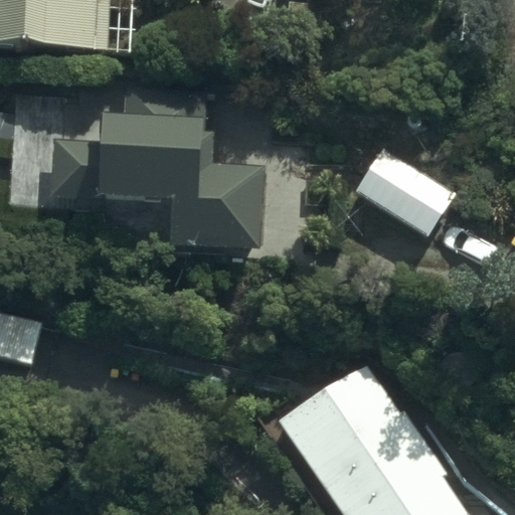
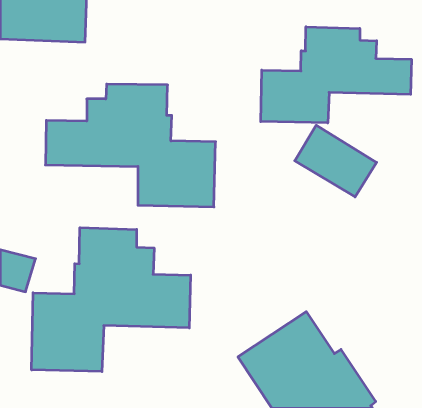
building: none -> [261,27,411,123]
building: none -> [32,228,191,372]

